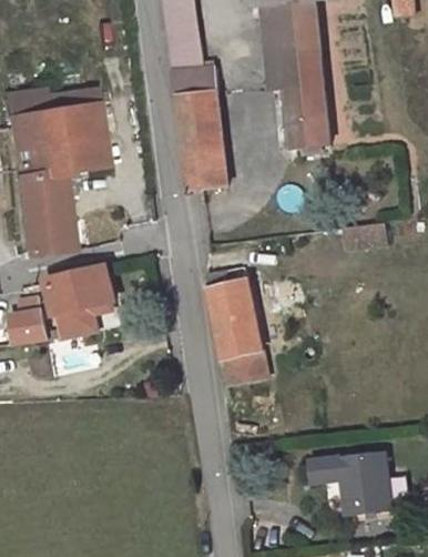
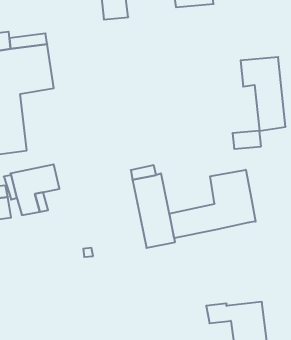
building: [268,50,329,150] -> [241,57,286,131]
building: [171,67,228,191] -> none
building: none -> [169,170,256,238]

